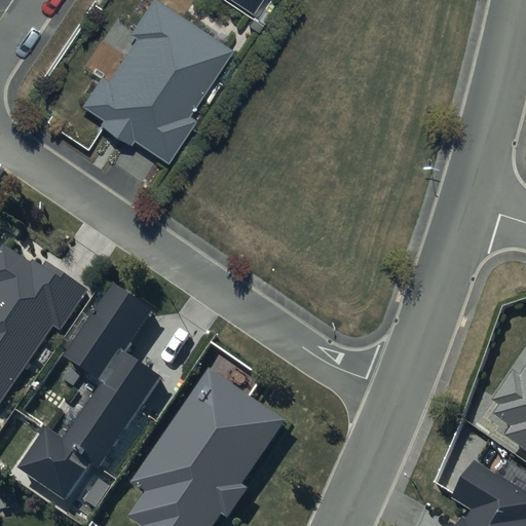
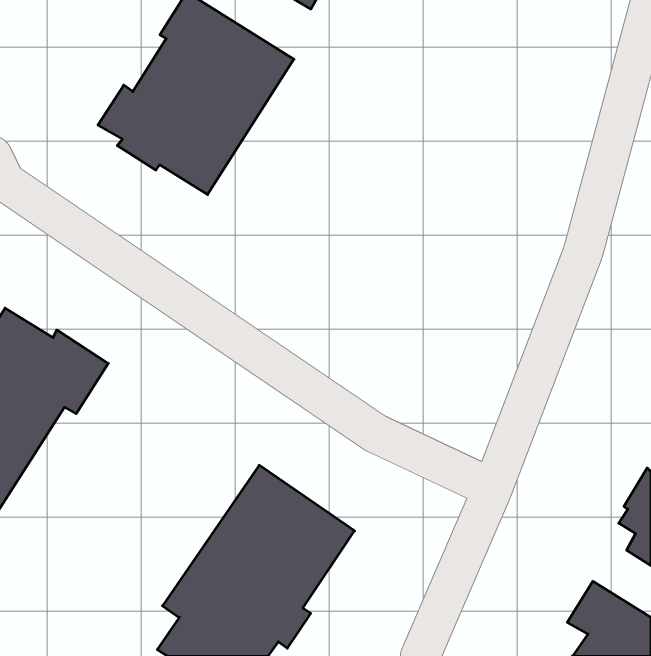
building: [23,285,157,498] -> none

